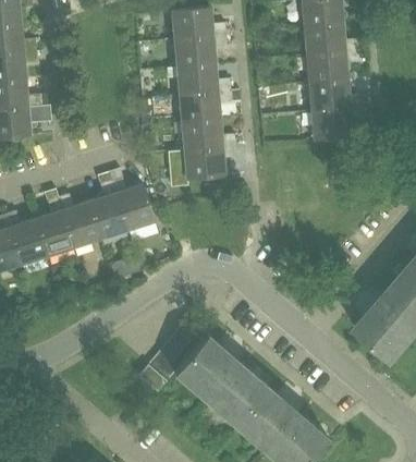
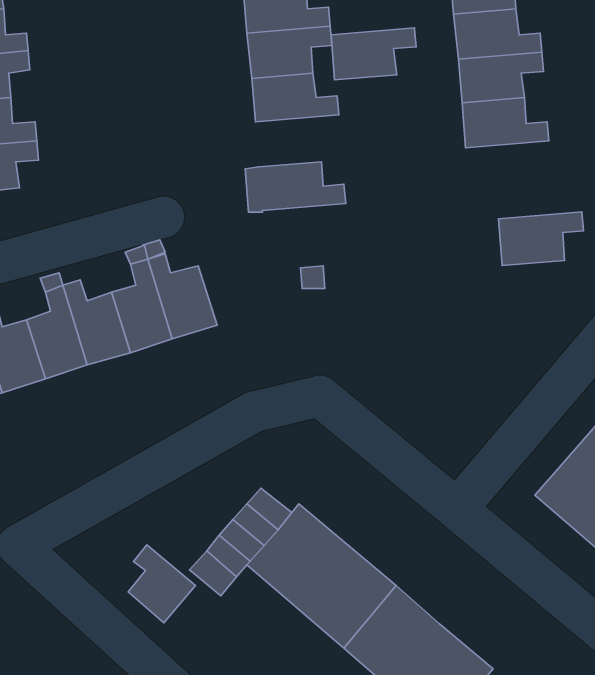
building: [179,90,232,123] -> [331,28,416,80]
building: [310,107,364,141] -> [499,212,584,266]
building: [183,146,236,180] -> none
building: none -> [128,545,196,623]

